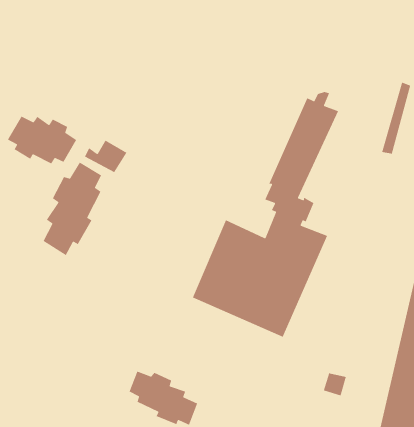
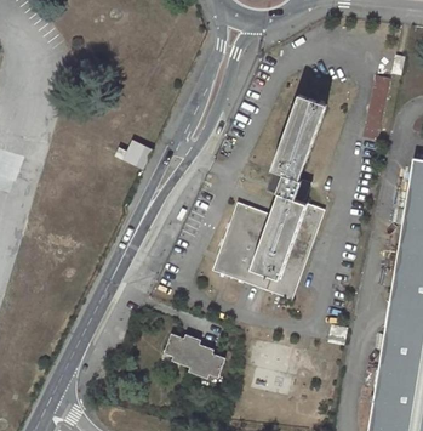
building: [7,115,77,165] -> none
building: [43,162,102,256] -> none

